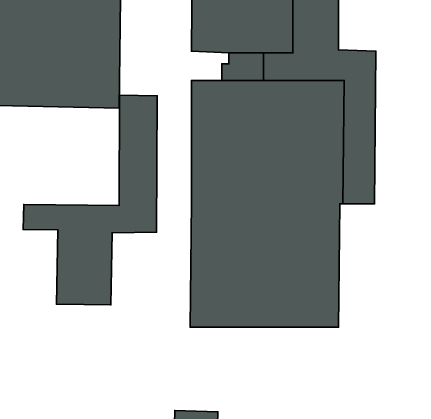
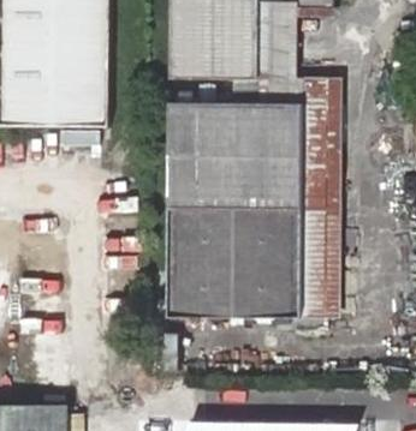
building: none -> [297,78,343,318]
building: [23,95,157,305] -> none

